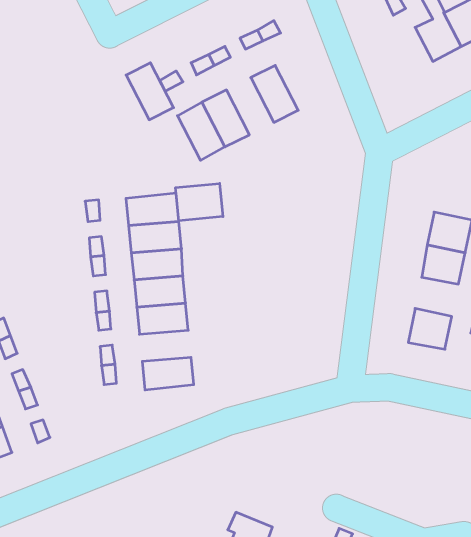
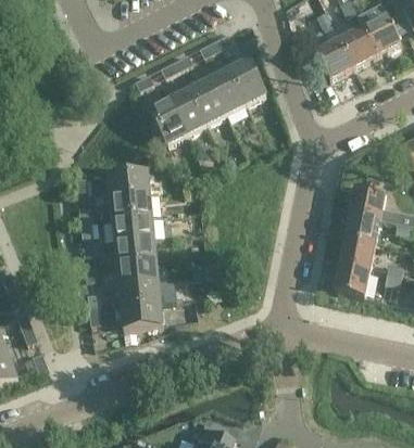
building: none -> [316,37,354,77]
building: none -> [228,57,266,103]
building: [126,63,174,120] -> [189,77,227,123]
building: [176,183,223,221] -> none
building: none -> [340,236,375,268]
building: none -> [120,279,161,304]

